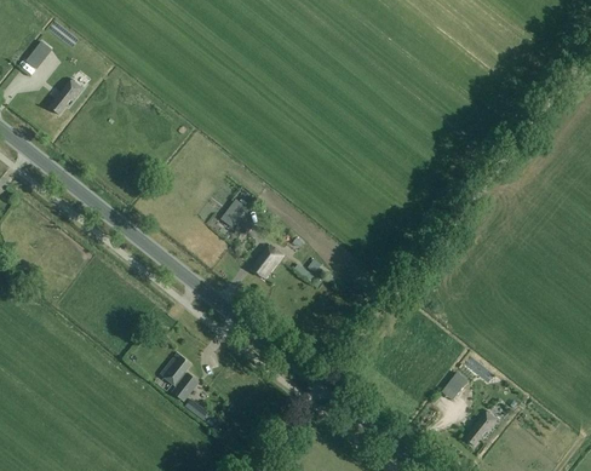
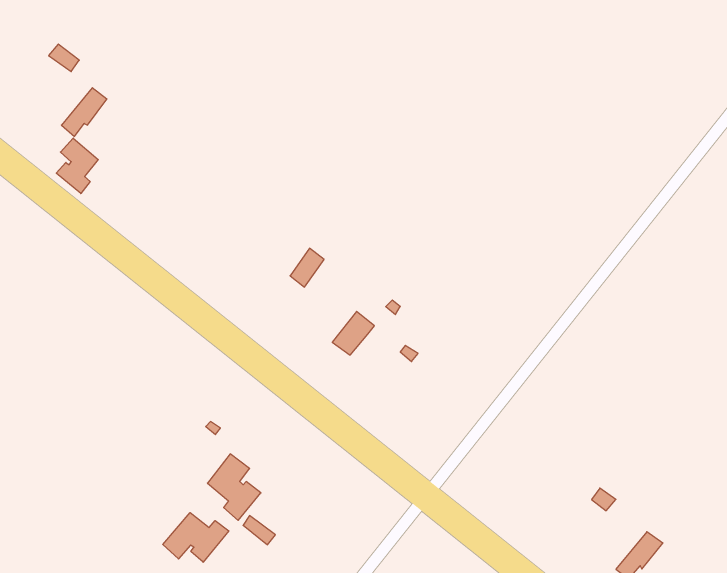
building: none -> [56,138,98,194]
building: none -> [163,513,229,562]

